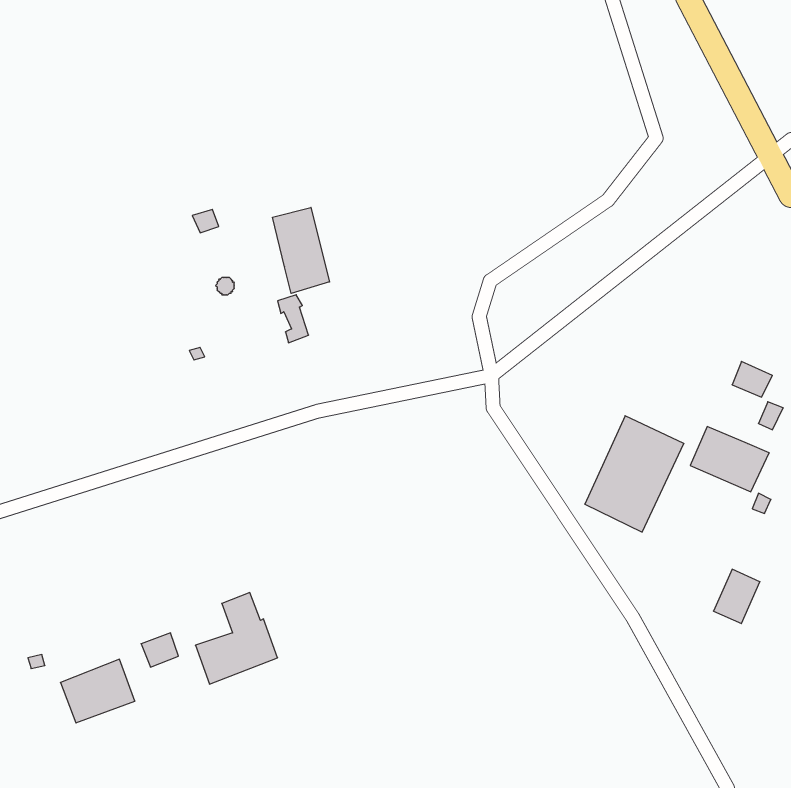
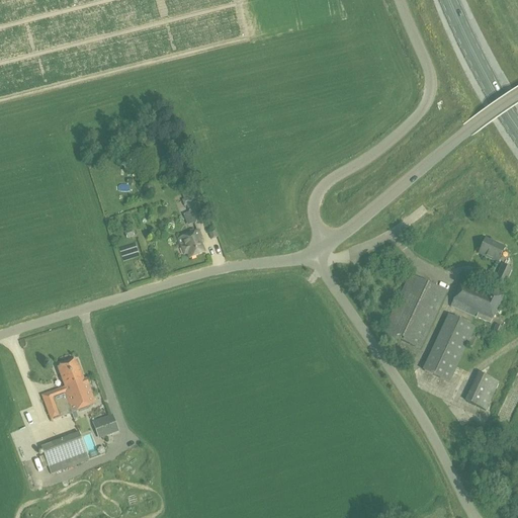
building: [273,207,330,293] -> none
building: none -> [177,228,204,255]
building: none -> [424,313,474,379]
building: [195,593,278,684] -> [40,358,94,418]

